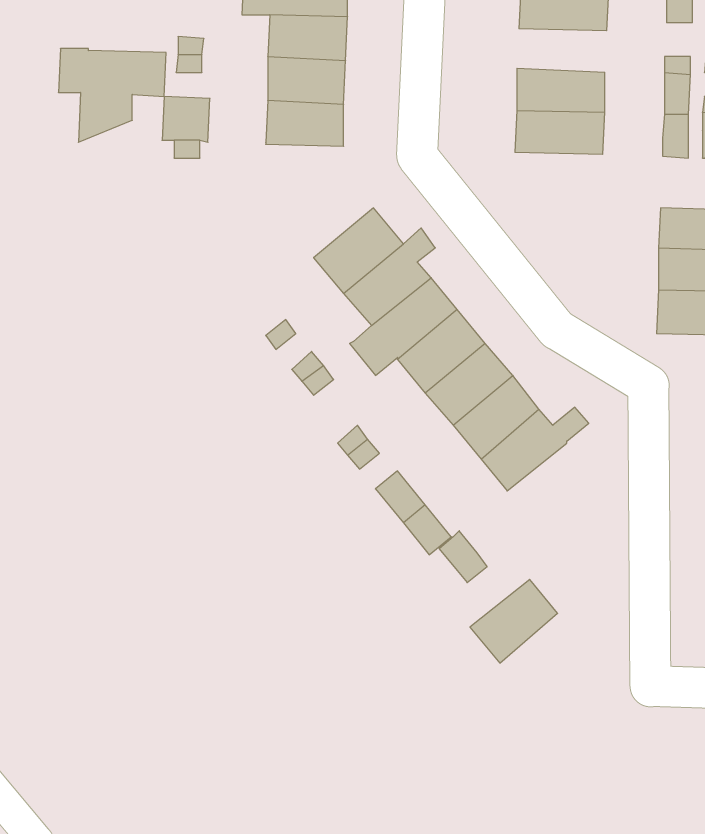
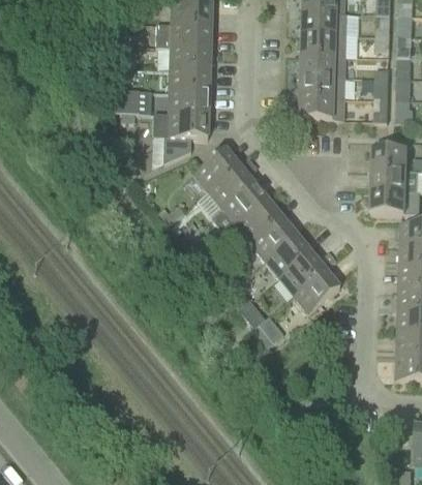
building: none -> [298,52,344,74]
building: [58,49,166,142] -> [152,111,208,159]
building: [470,579,558,663] -> [293,267,338,310]

